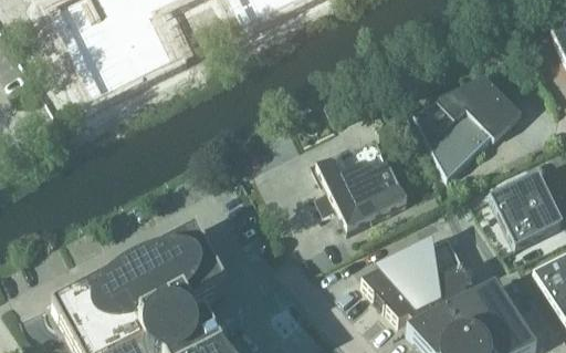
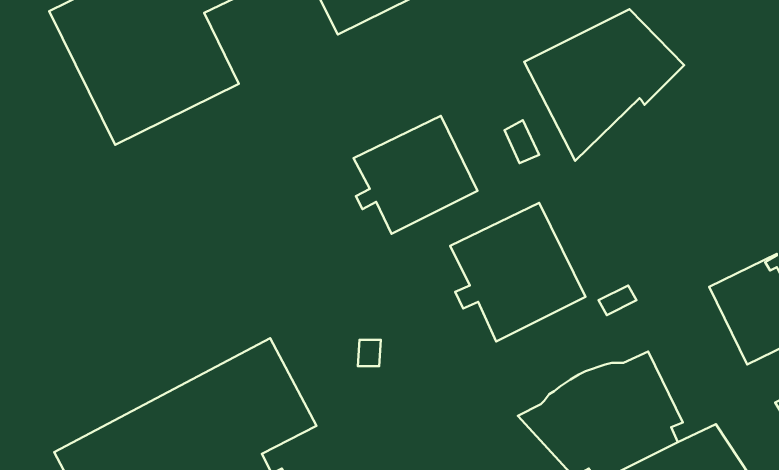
building: [415,75,522,177] -> [524,9,684,161]
building: none -> [354,116,477,234]

